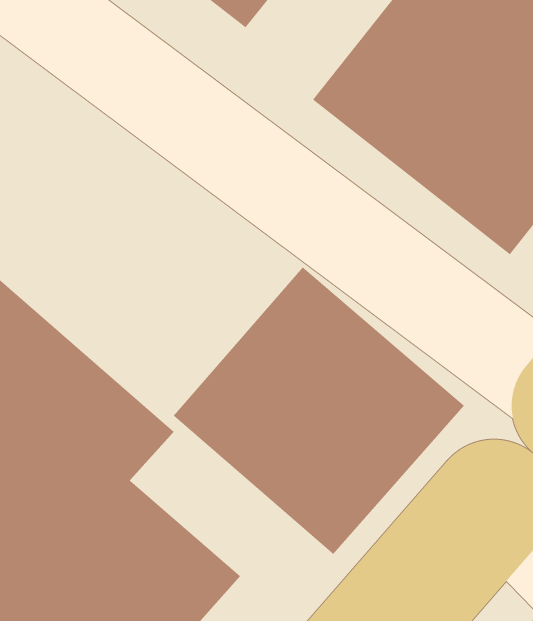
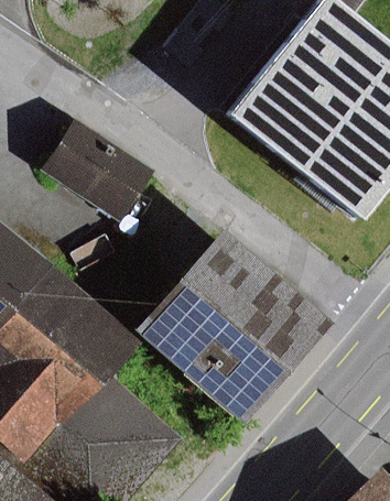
building: none -> [40,119,154,221]

